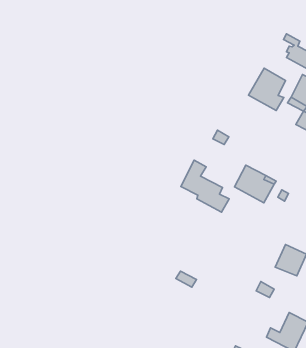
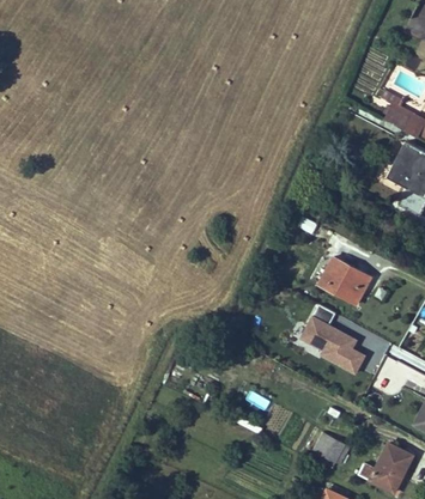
building: [249,68,285,110] -> none
building: [181,160,229,212] -> [304,305,365,371]
building: none -> [312,431,351,468]

